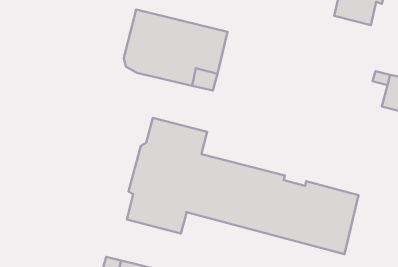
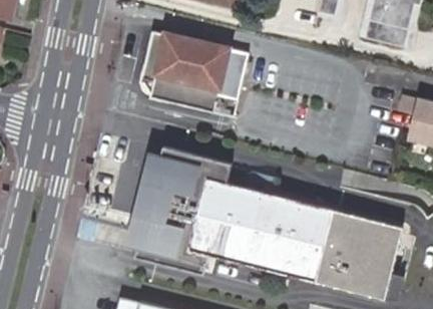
building: none -> [202,182,400,301]

